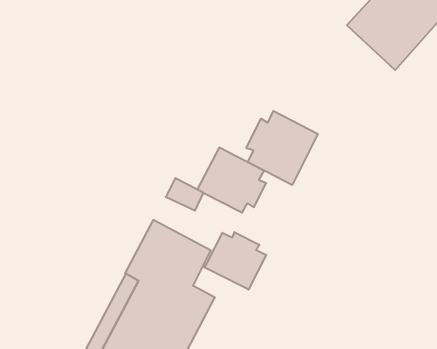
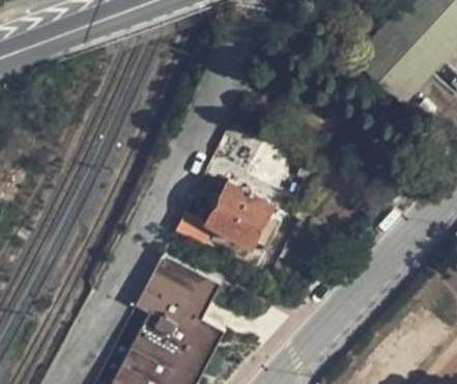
building: [246,111,318,185] -> none
building: [205,232,266,290] -> none

